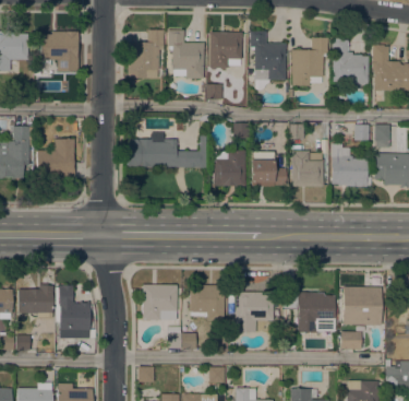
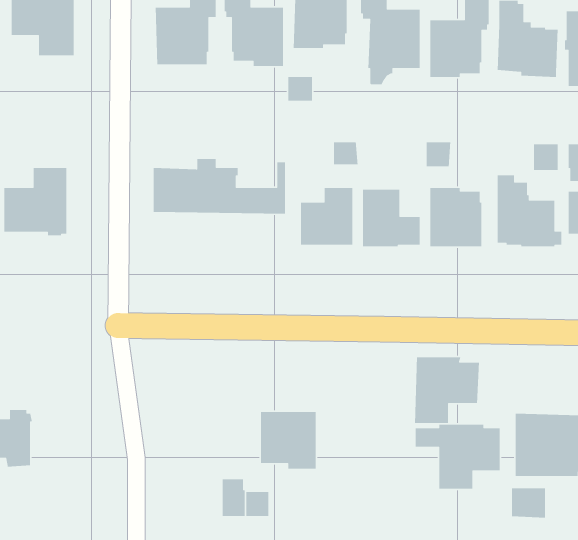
building: [143,284,178,320] -> none
building: [57,285,96,338] -> none
building: [236,292,275,332] -> [414,356,480,424]

